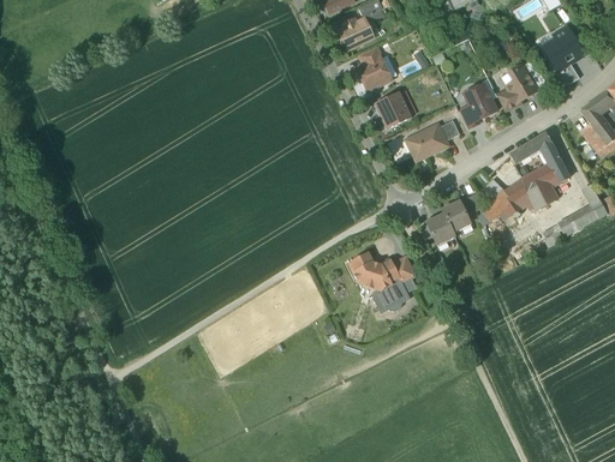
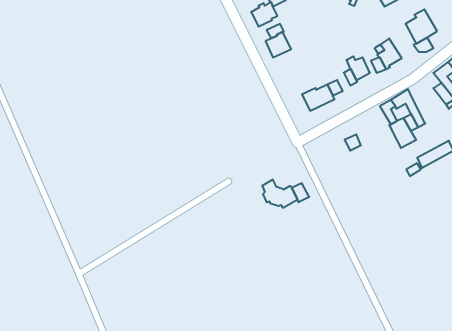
building: [375,90,412,128] -> none
building: [482,179,532,220] -> none
building: [426,199,471,242] -> none
building: [372,276,416,311] -> none

